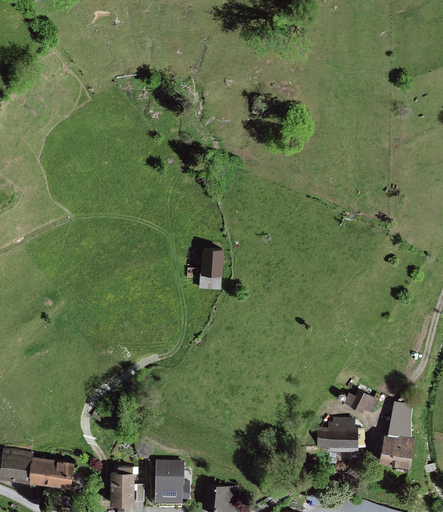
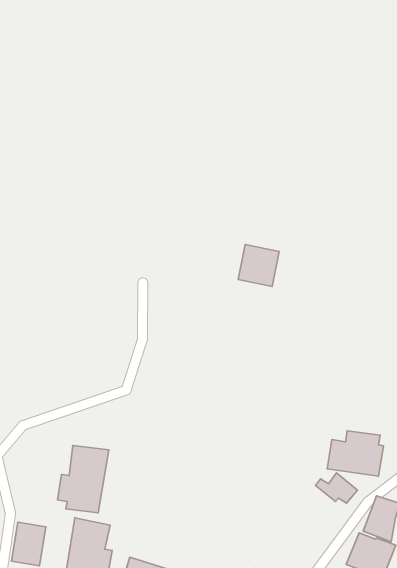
building: [203,249,232,279] -> [238,244,279,286]
building: none -> [57,445,109,513]
building: [316,419,358,453] -> [327,431,383,476]

